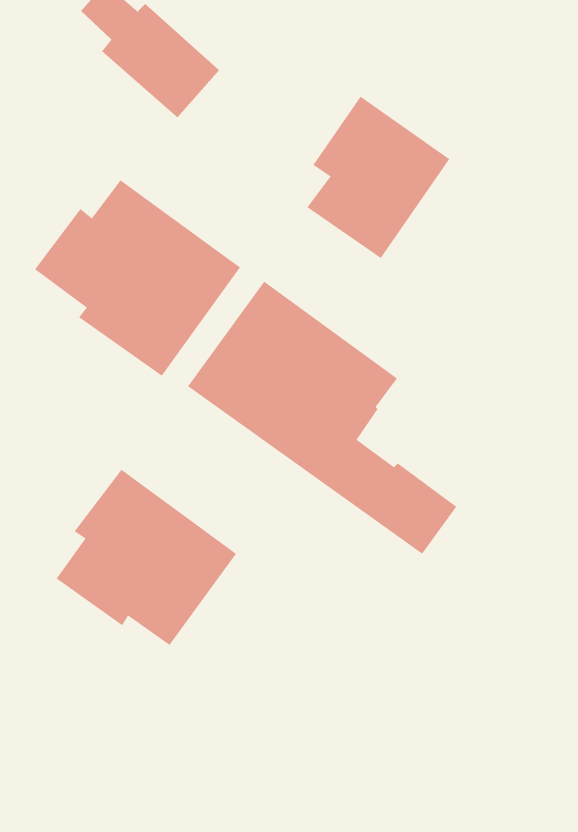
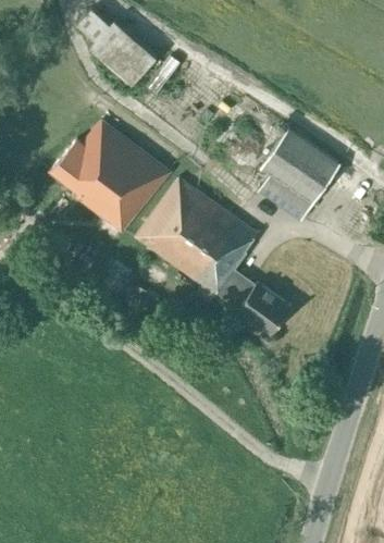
building: [307,96,450,259] -> [258,128,339,221]
building: [56,469,237,646] -> none

